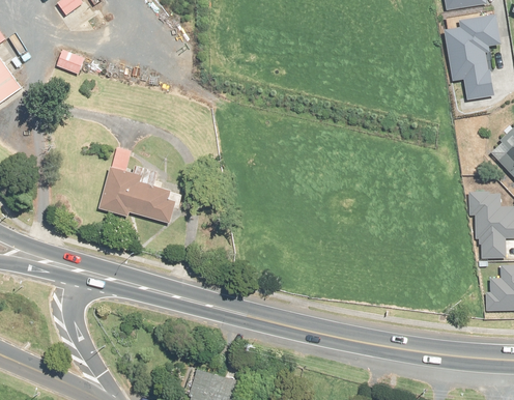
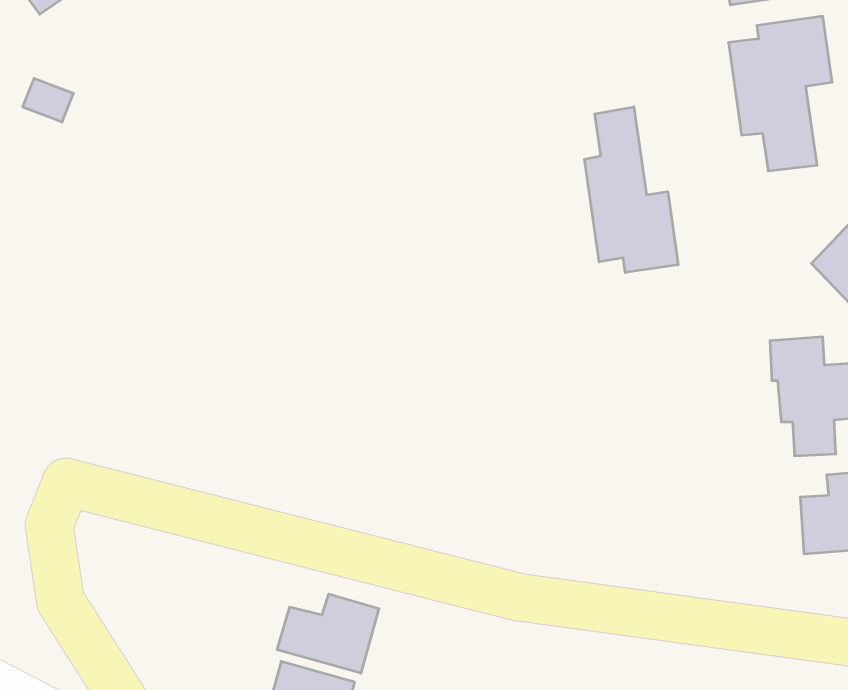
building: none -> [584,107,678,273]
building: [99,147,179,224] -> none
building: none -> [277,594,379,673]

